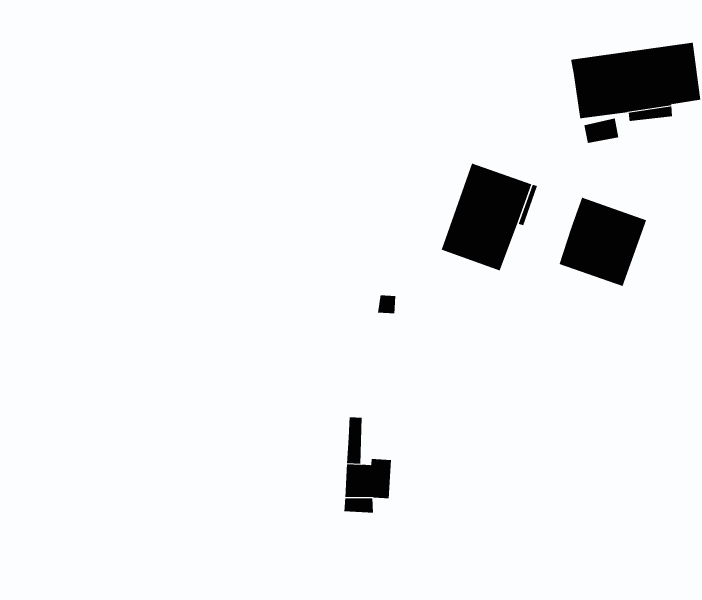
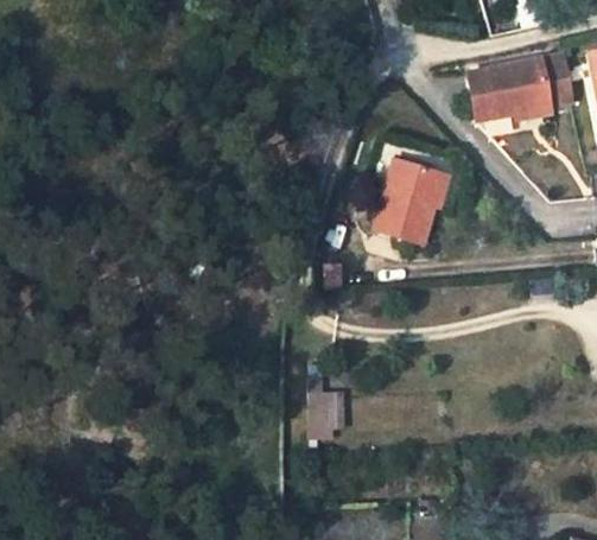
building: [559,197,647,287] -> none

